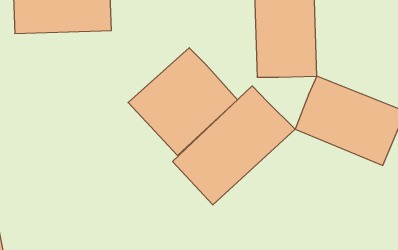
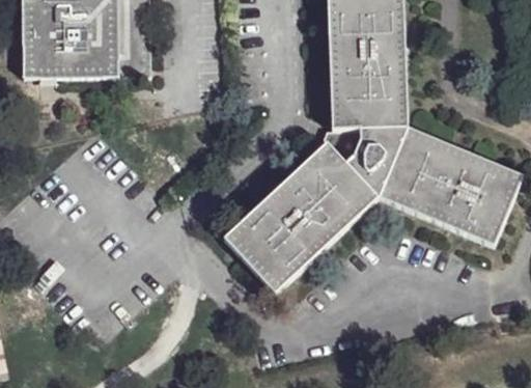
building: [128,48,237,155] -> none
building: none -> [346,128,410,196]

